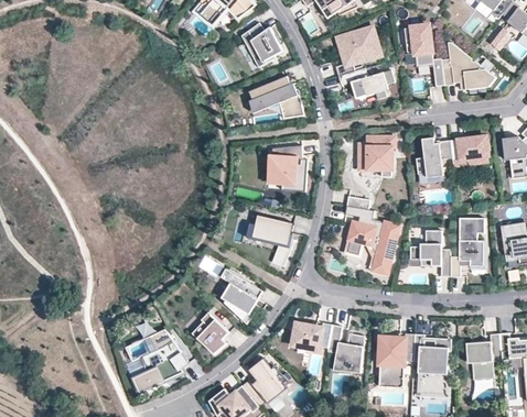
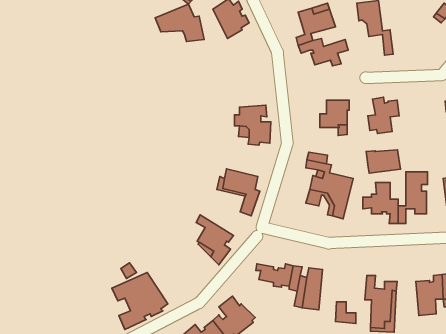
building: [441,42,498,90] -> none
building: [248,76,303,118] -> [155,4,204,41]
building: [449,135,487,162] -> [366,150,401,173]
building: [192,312,228,354] -> none
building: [380,333,415,376] -> none

